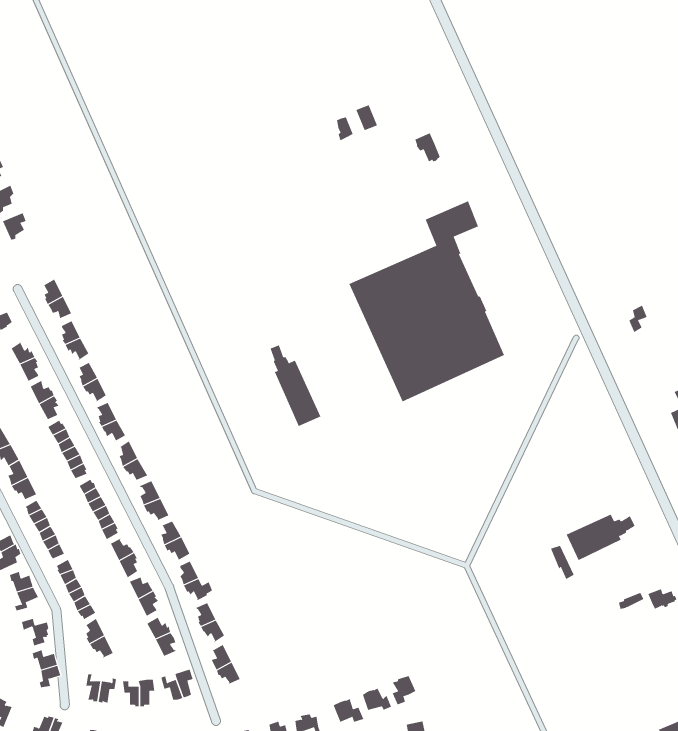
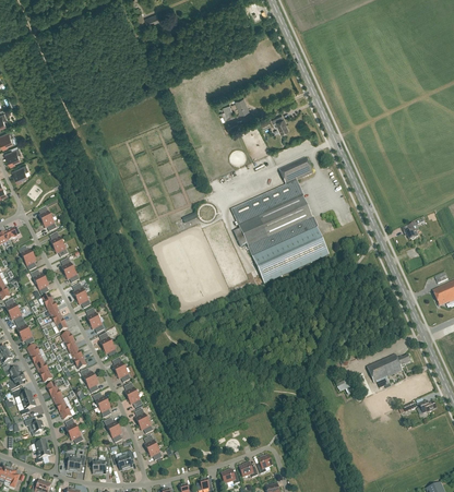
building: [270,344,321,427] -> none

